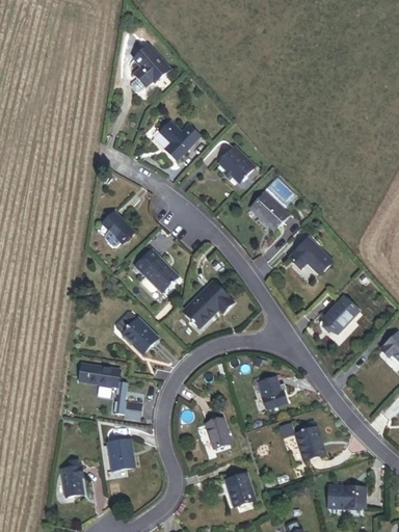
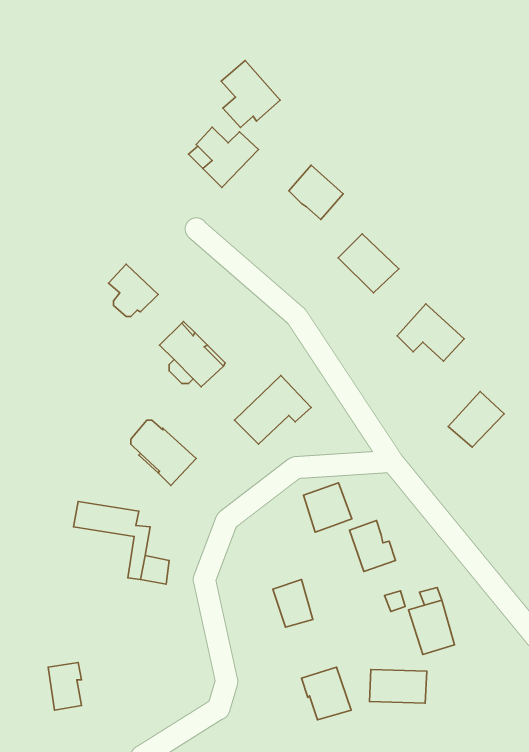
building: [131,44,169,87] -> [221,60,280,127]
building: none -> [303,483,352,532]
building: [108,437,131,469] -> none
building: [328,487,366,509] -> [369,670,427,703]

